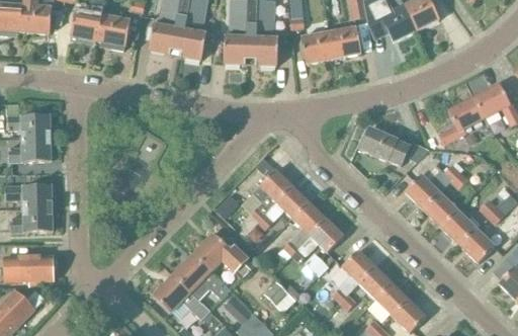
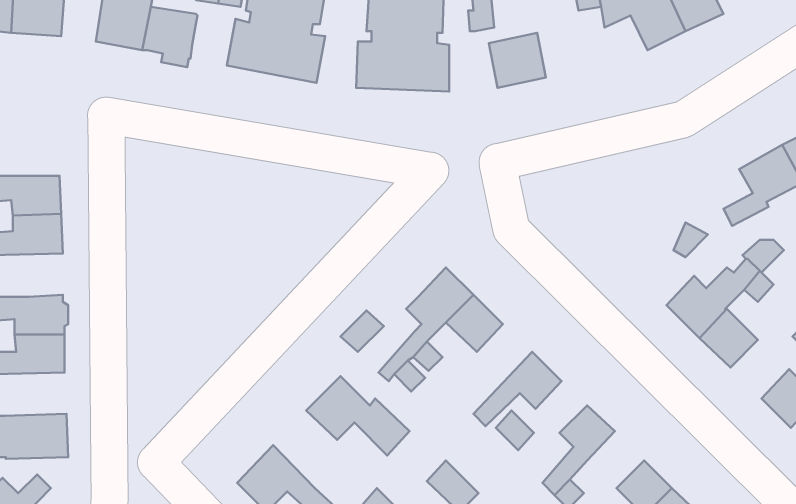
building: [329,26,361,58] -> none
building: [360,128,409,165] -> none
building: [283,202,326,255] -> none
building: [442,212,477,246] -> none
building: [174,253,231,300] -> none
building: [358,265,392,299] -> none

